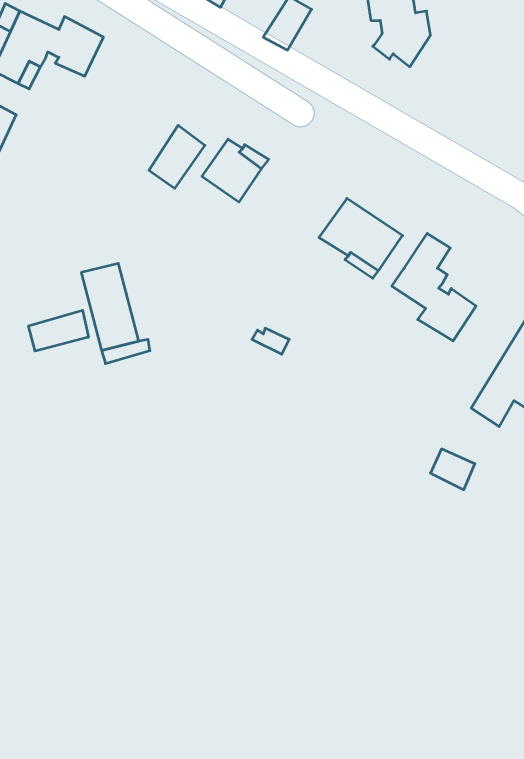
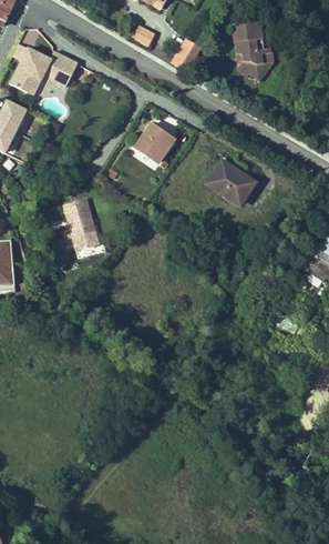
building: [149,125,205,188] -> none
building: [392,233,476,341] -> none
building: [29,310,88,351] -> none

